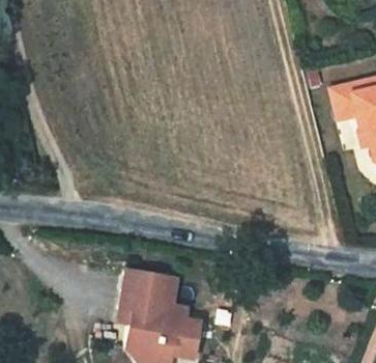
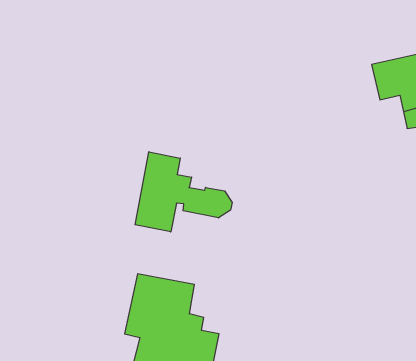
building: none -> [135,152,232,232]

